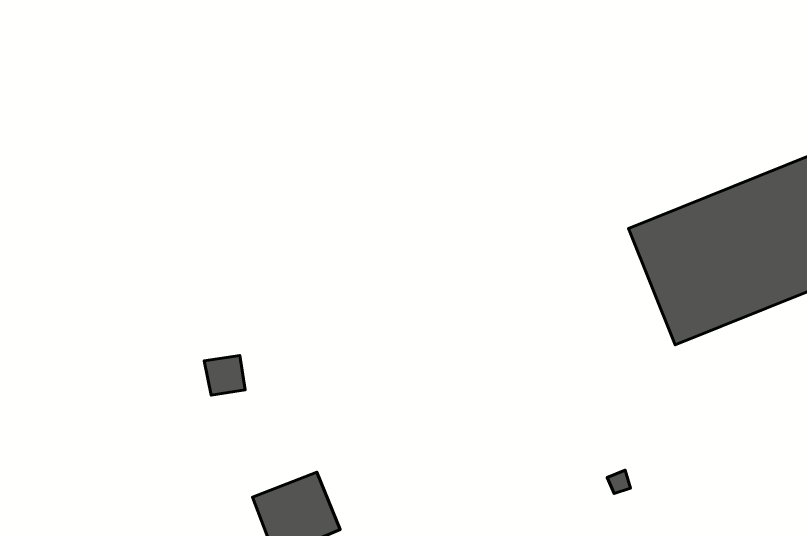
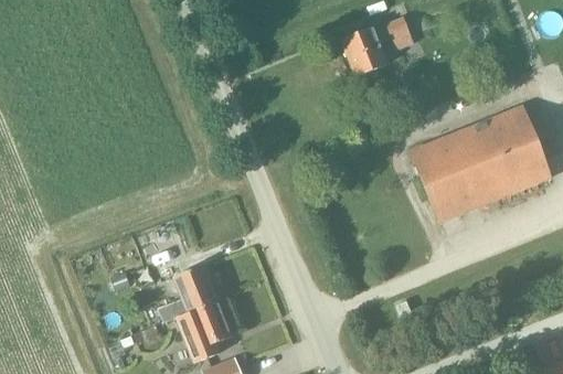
building: none -> [341,15,410,76]
building: none -> [157,259,217,322]

